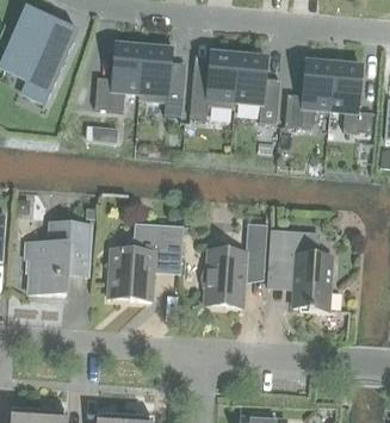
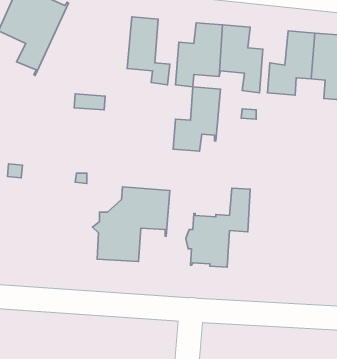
building: [95,44,144,111] -> [173,87,220,151]
building: [25,223,91,296] -> none
building: [270,231,336,312] -> none

